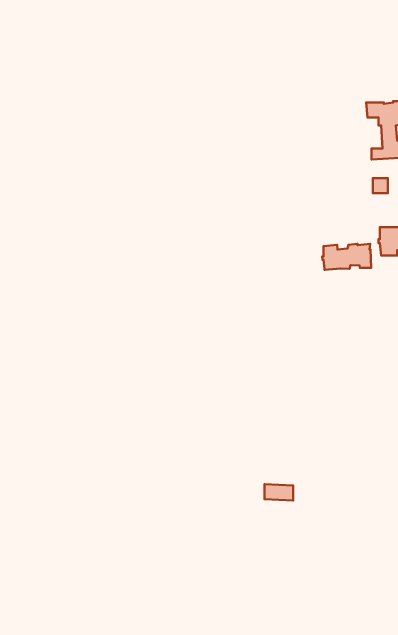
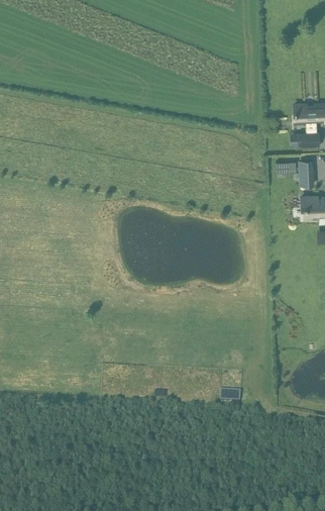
building: [322,244,371,270] -> none

